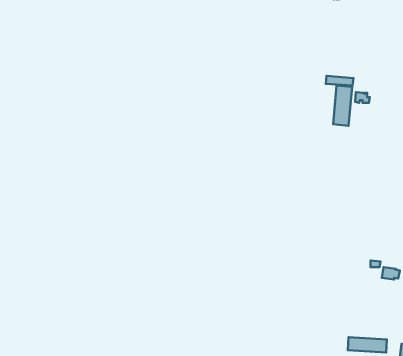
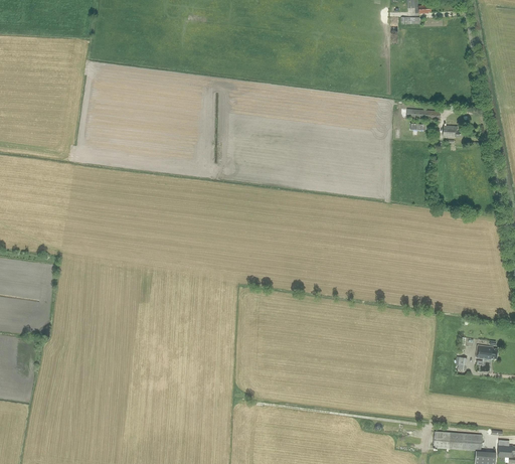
building: [333,85,352,126] -> none

